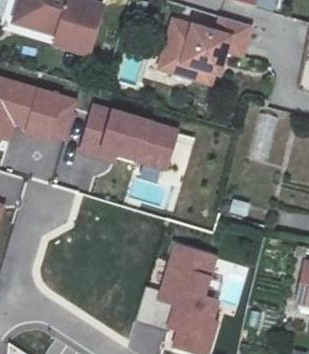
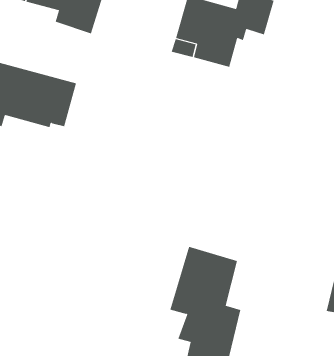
building: [79,105,175,167] -> none

